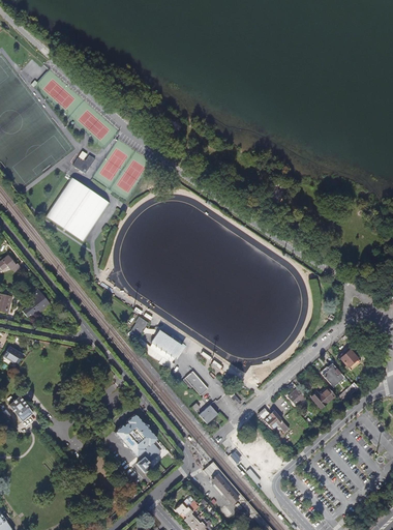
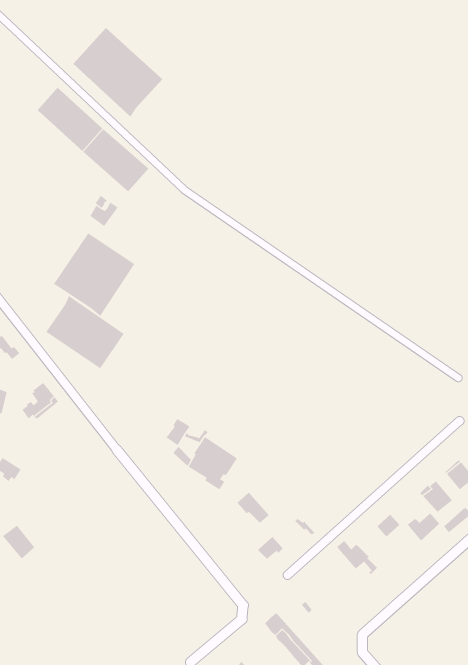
building: none -> [72,27,163,118]
building: none -> [45,295,124,369]
building: [115,413,159,471] -> none

